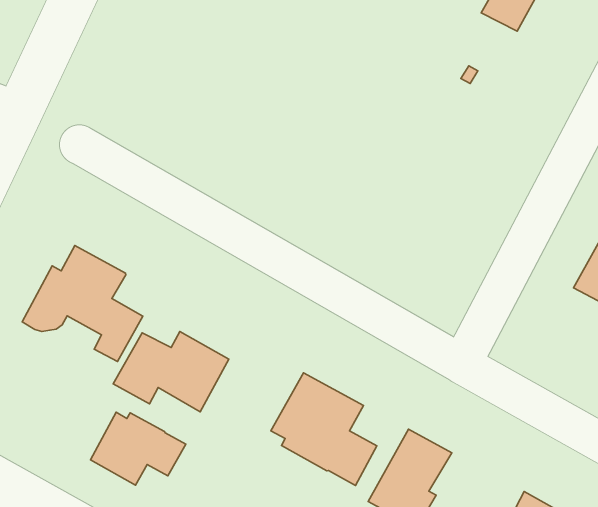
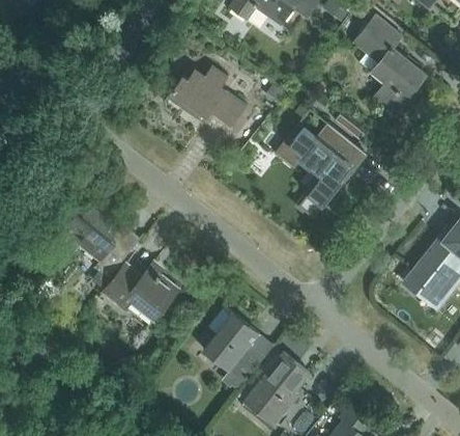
building: none -> [169,70,246,132]
building: none -> [288,122,364,218]
building: [90,412,186,485] -> none

